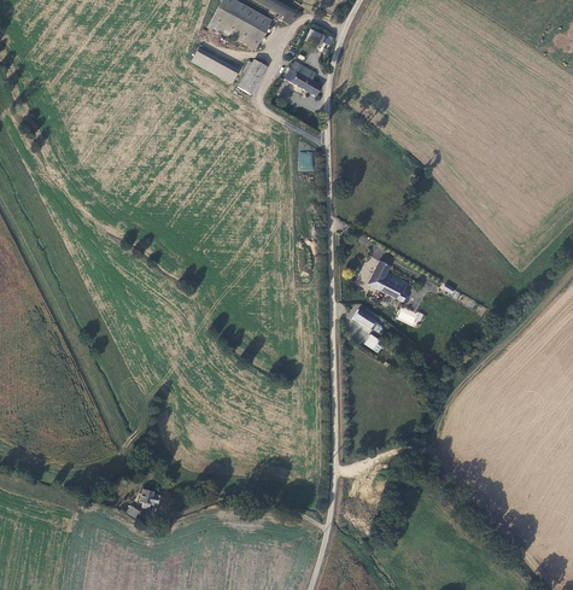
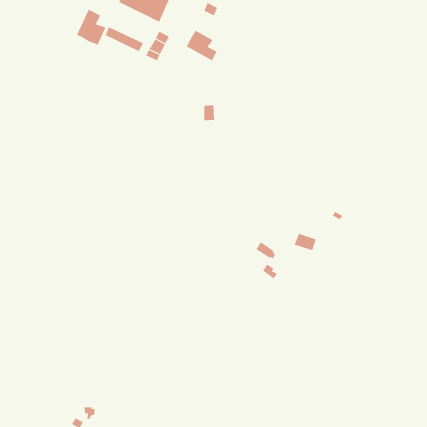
building: none -> [76,9,106,46]
building: [366,261,407,299] -> none

